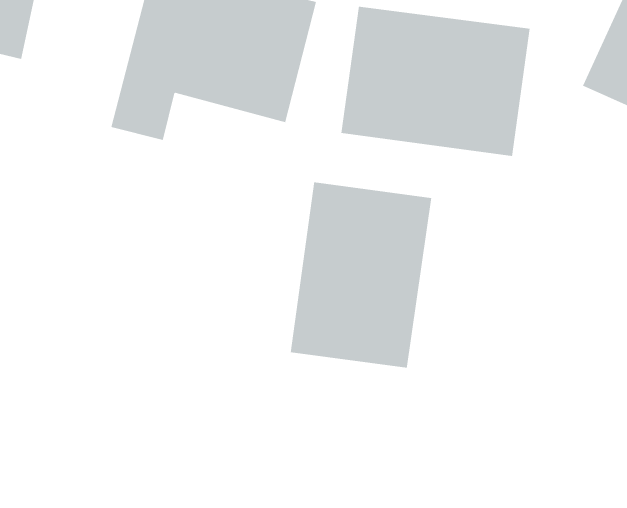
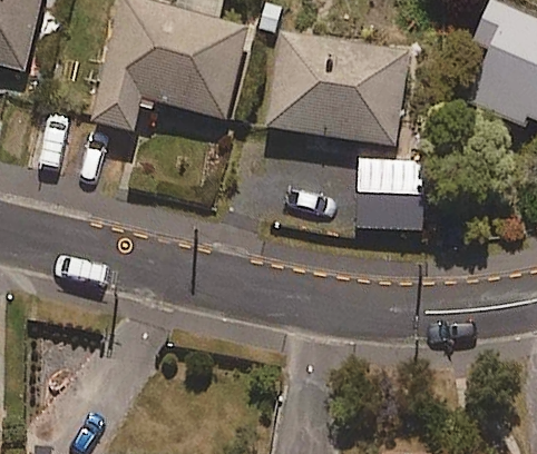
building: [290,181,432,368] -> none

